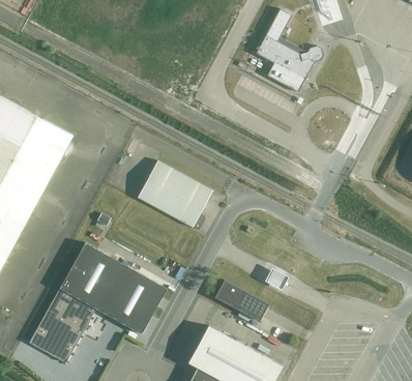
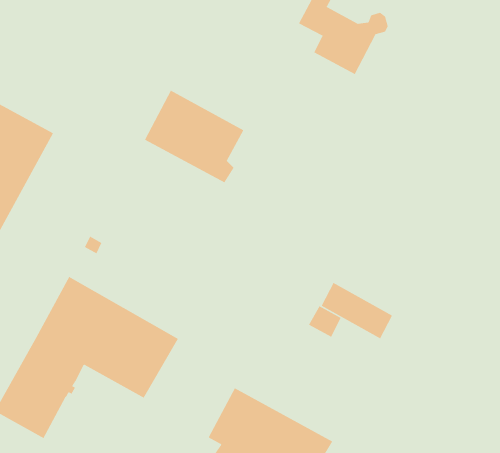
building: [138,160,212,230] -> [144,90,244,183]
building: [214,280,268,322] -> [321,282,393,339]

